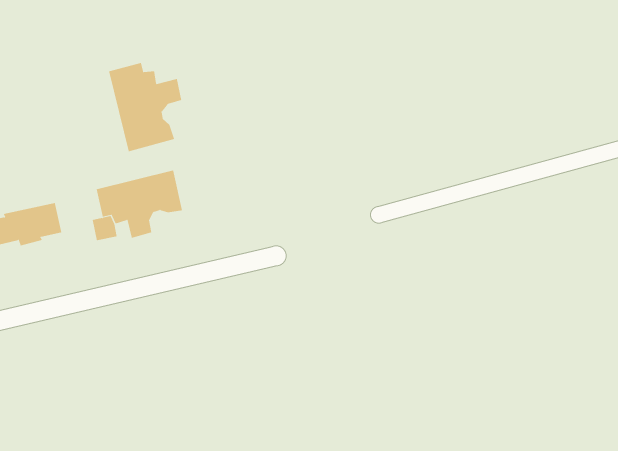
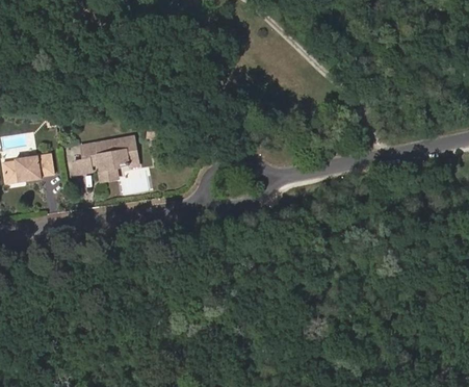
building: [109,62,182,152] -> none

